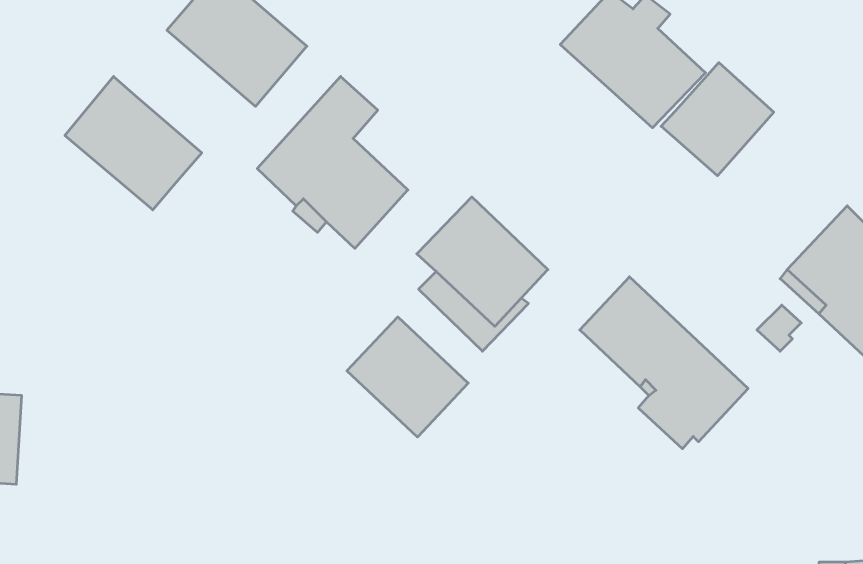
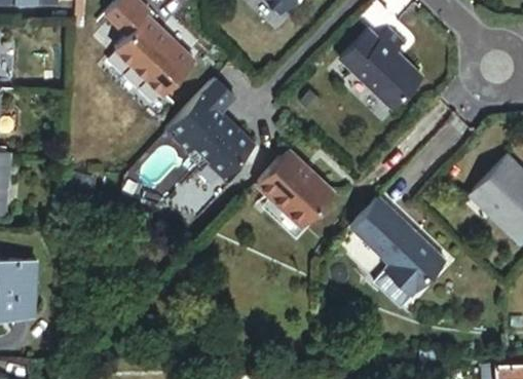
building: [661,63,774,176] -> none
building: [65,76,202,210] -> none
building: [347,317,468,437] -> none

